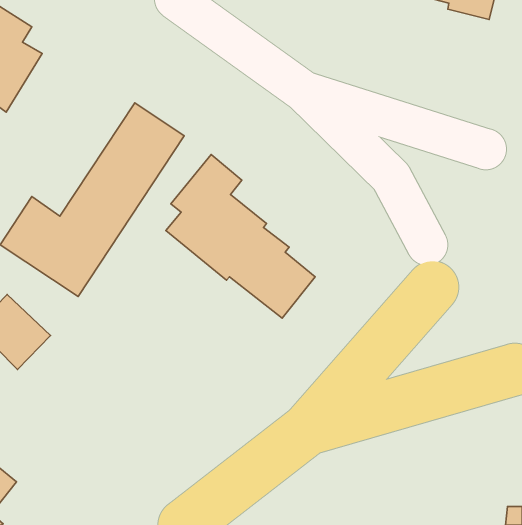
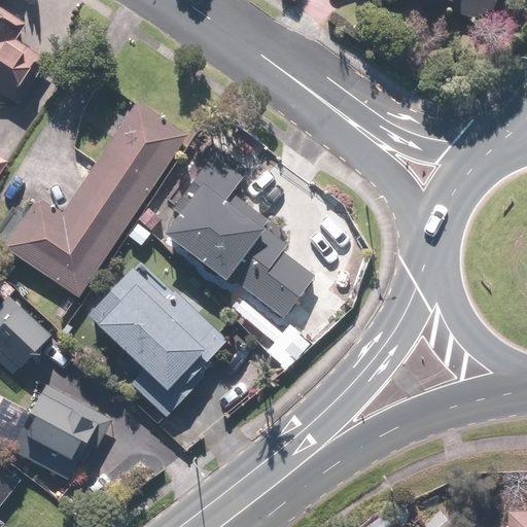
building: none -> [85,267,234,417]
building: none -> [8,395,107,484]

